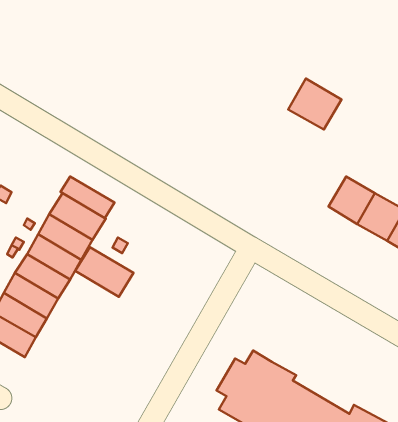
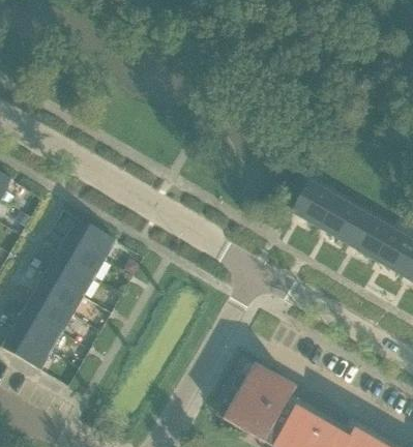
building: [288,78,341,129] -> [291,182,341,230]
building: [60,176,115,218] -> none
building: [75,247,134,297] -> none

